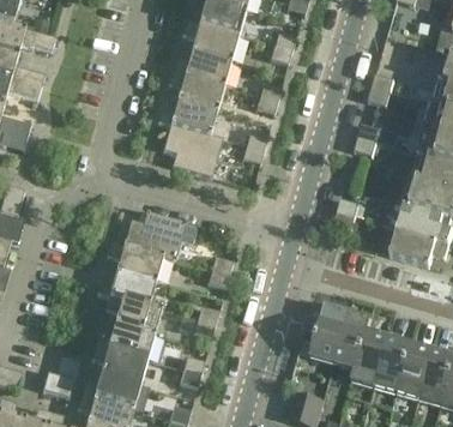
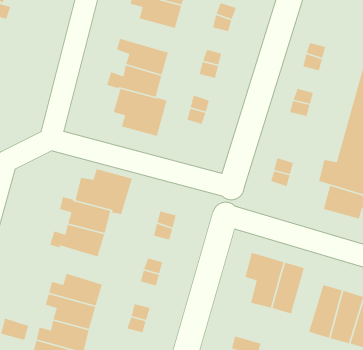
building: [171,50,231,86] -> none
building: [104,295,161,336] -> none
building: [352,318,389,387] -> none

